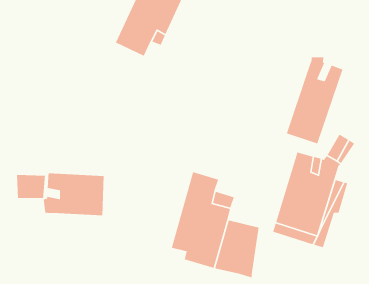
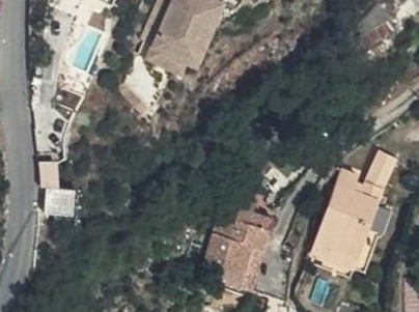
building: [286,56,343,144] -> none
building: [43,172,104,216] -> none

